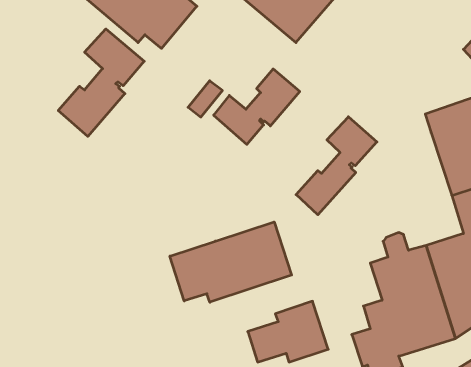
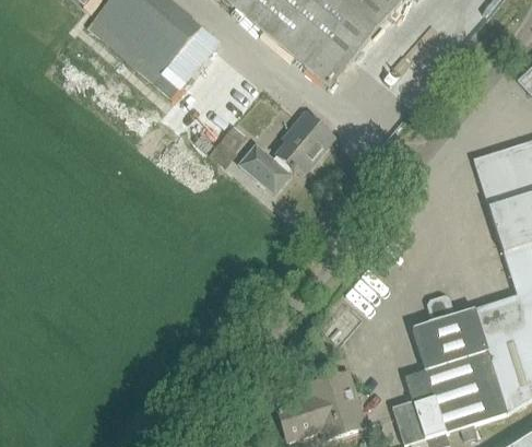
building: [58,29,144,136] -> none
building: [296,117,377,215] -> none
building: [170,222,292,302] -> none

